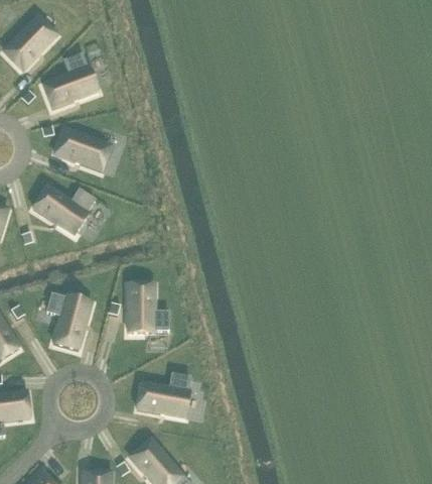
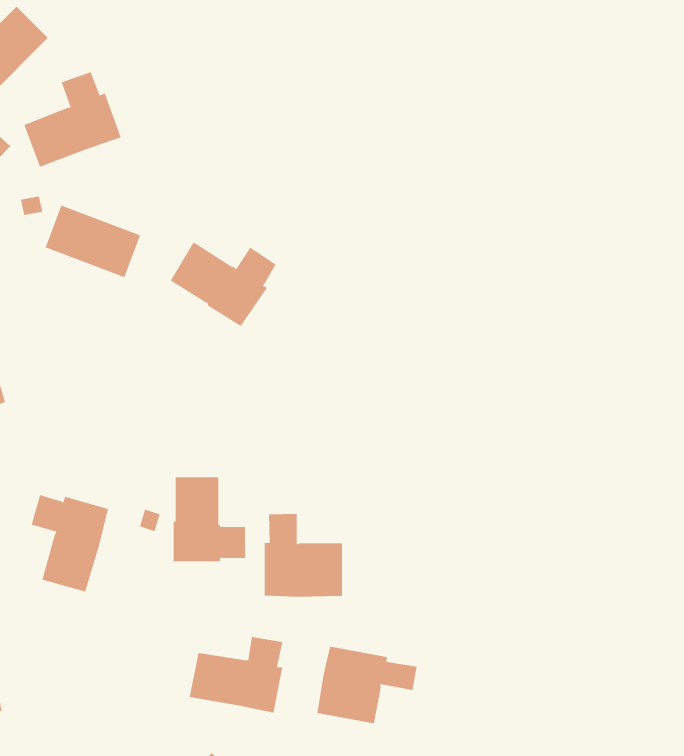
building: [33,187,94,235] -> [170,242,277,327]
building: none -> [264,513,343,597]
building: none -> [317,646,417,724]

